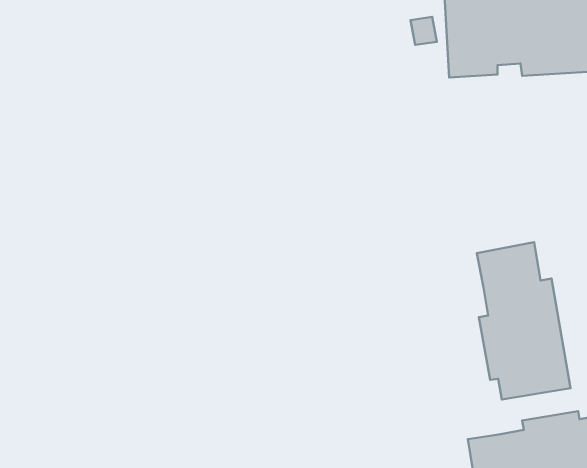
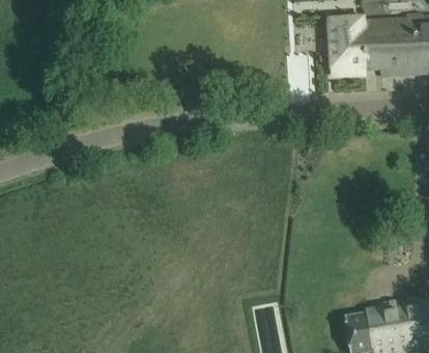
building: [477,242,571,400] -> none

